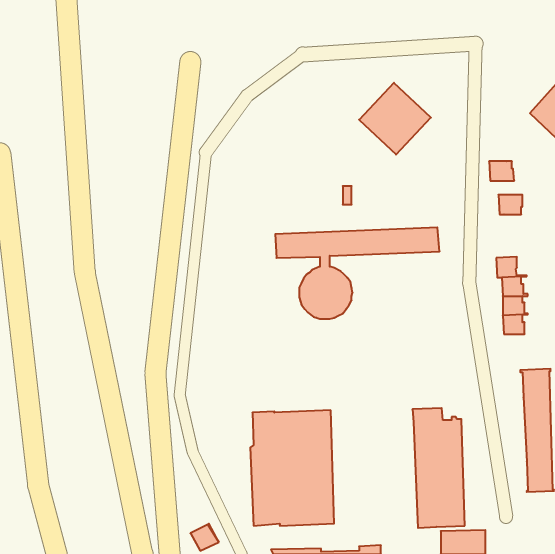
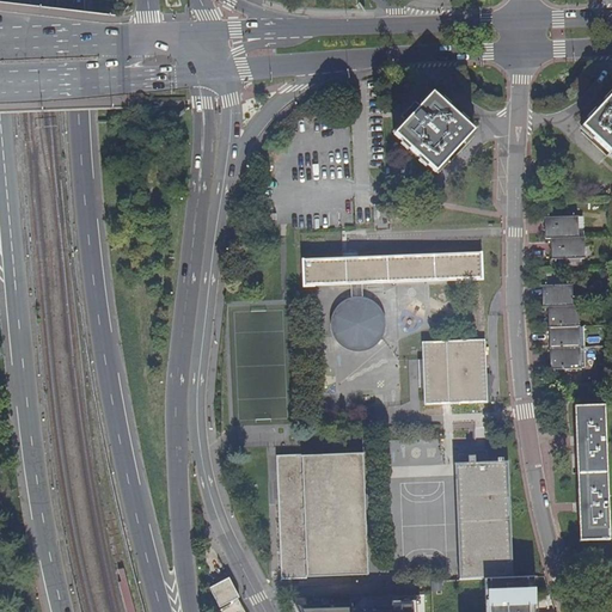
building: [489,161,514,181] -> [555,235,582,257]
building: none -> [424,338,489,402]

